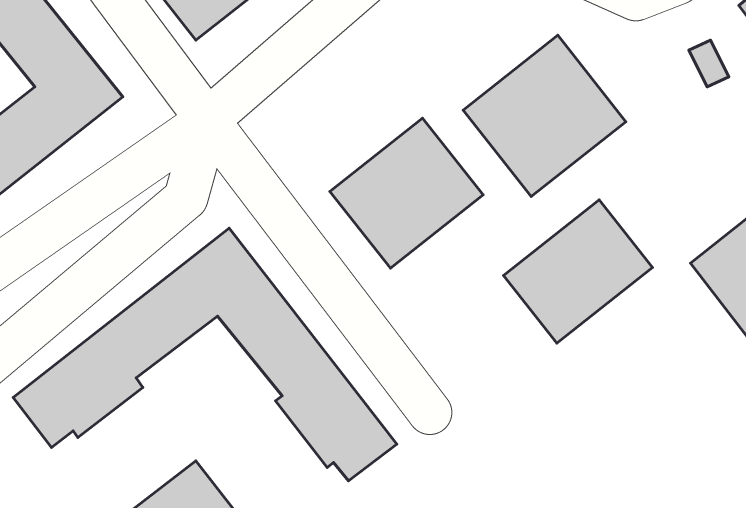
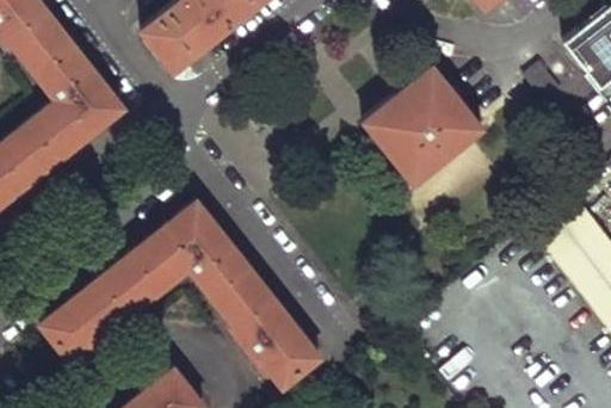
building: [330,118,483,268] -> none
building: [503,200,652,343] -> none

